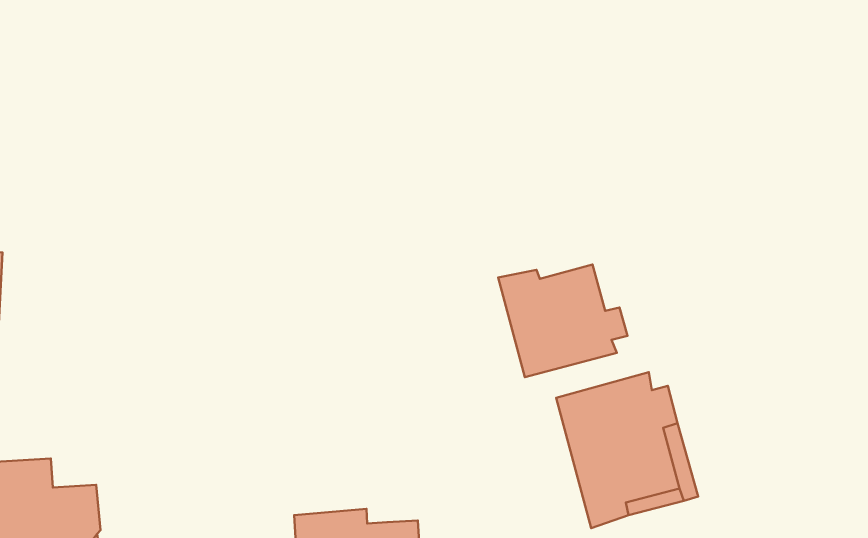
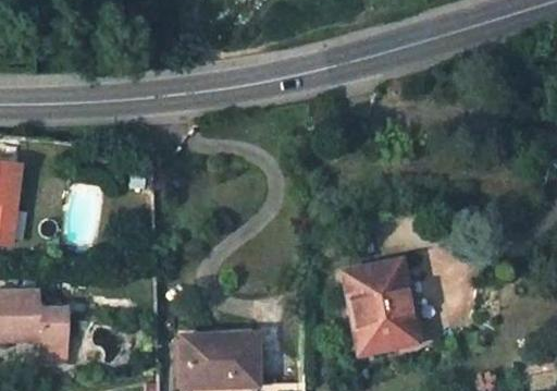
building: [498,265,628,377] -> none

